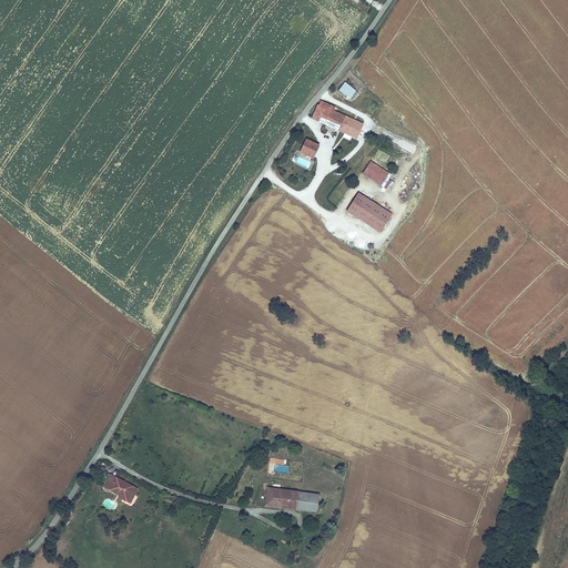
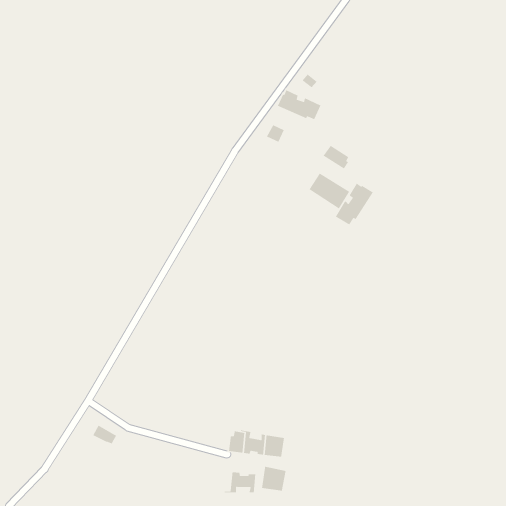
building: none -> [335,183,374,225]
building: none -> [261,466,286,492]
building: none -> [224,472,256,493]

